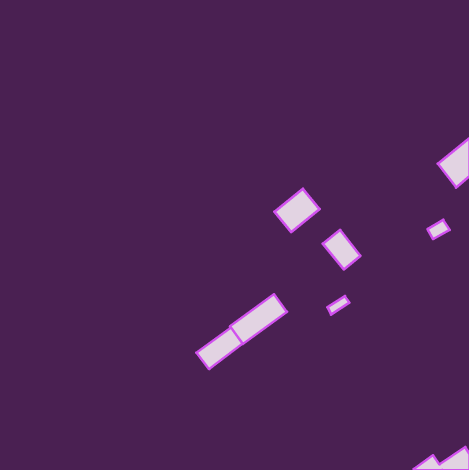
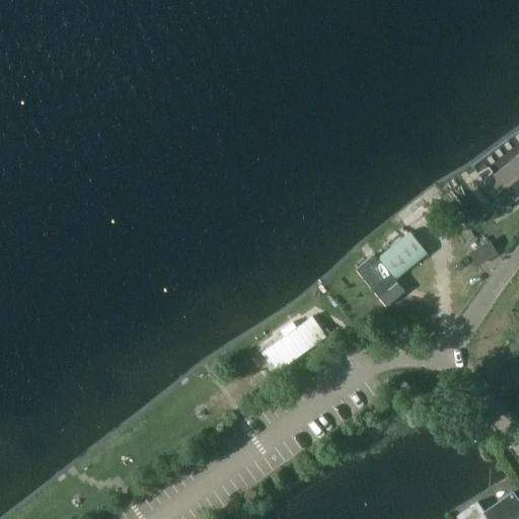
building: [274,189,320,232] -> [379,231,429,279]
building: [196,328,242,369] -> none

